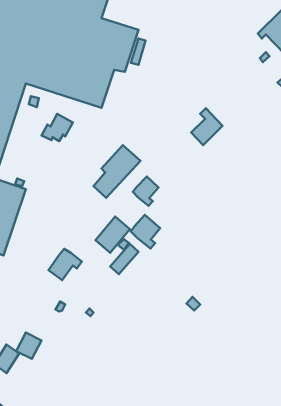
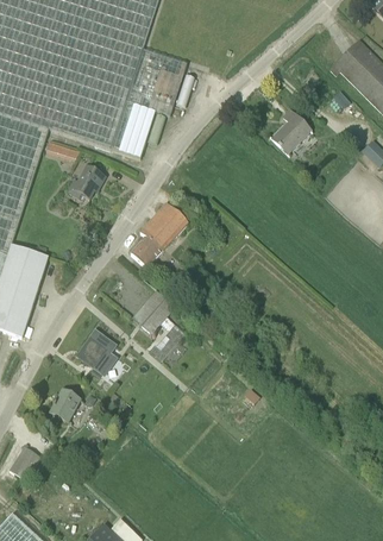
building: [191,108,223,145] -> [272,107,310,152]
building: [133,177,159,206] -> none
building: [131,215,160,248] -> none
building: [16,333,42,359] -> [49,388,80,420]

